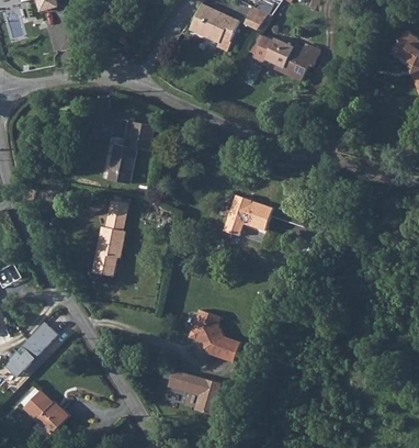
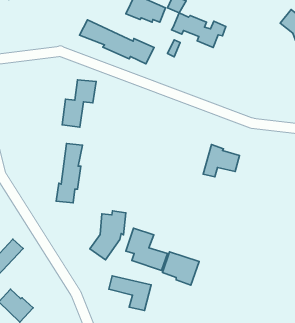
building: none -> [80,20,154,64]
building: [226,190,273,232] -> [203,145,239,177]
building: none -> [90,211,126,260]
building: none -> [162,252,199,285]

